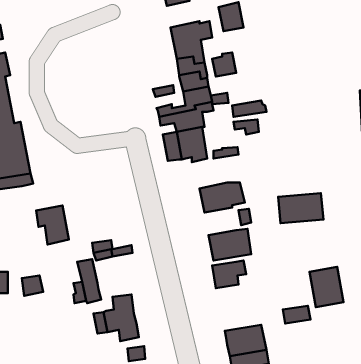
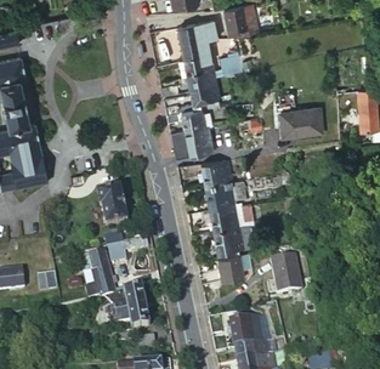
building: none -> [203,159,233,185]
building: [278,193,323,223] -> [282,106,325,135]
building: [36,205,69,245] -> [93,187,125,225]
building: none -> [211,203,242,229]
building: [309,267,343,307] -> [271,255,304,294]

